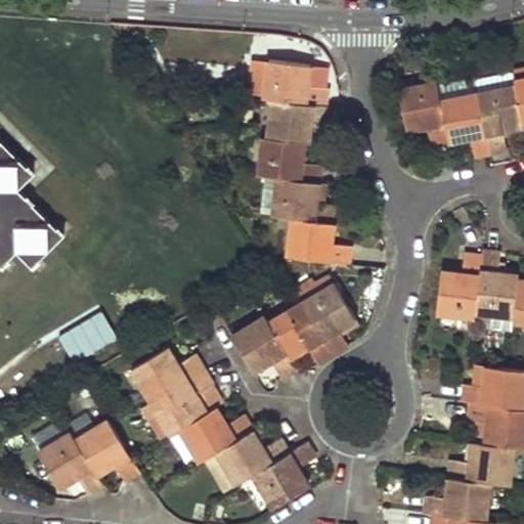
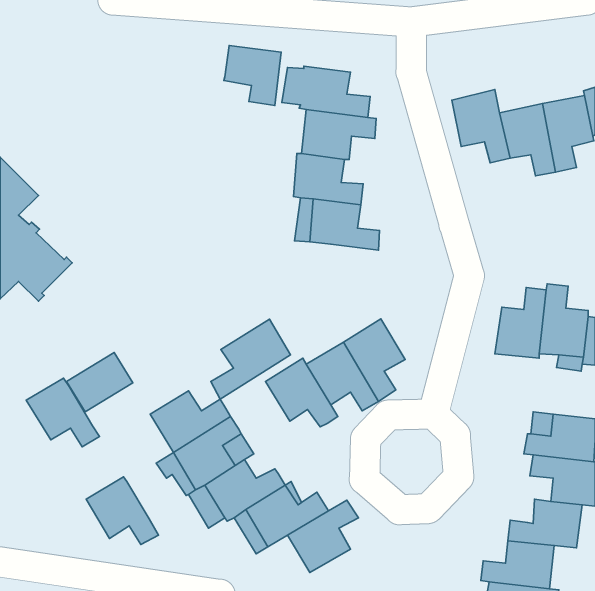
building: none -> [224,45,281,105]
building: [286,218,347,264] -> none
building: none -> [211,319,290,399]
building: [38,435,102,495] -> [26,378,100,447]

